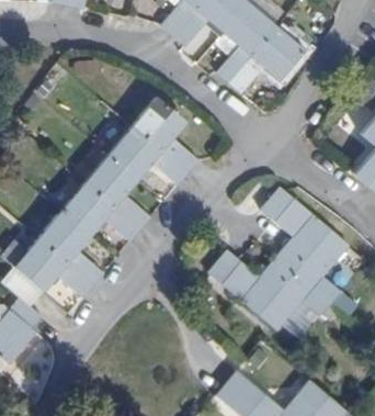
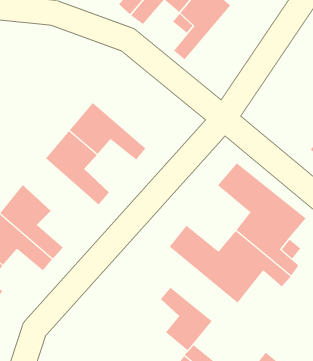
building: [226,26,302,93] -> none
building: [132,98,196,172] -> none
building: [60,182,138,240] -> none
building: none -> [160,287,213,351]

